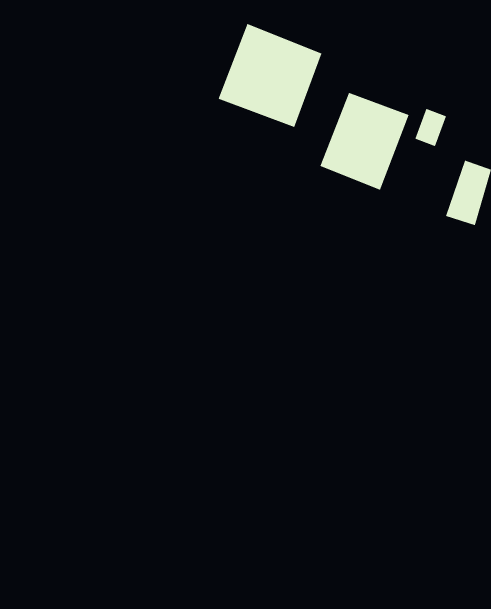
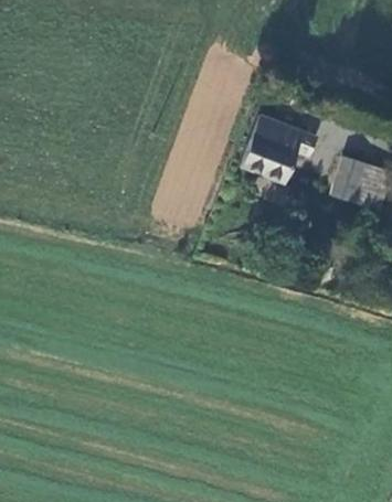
building: [218,23,322,128] -> none

